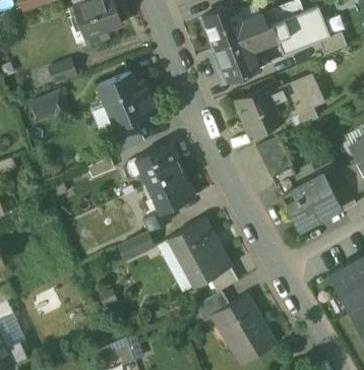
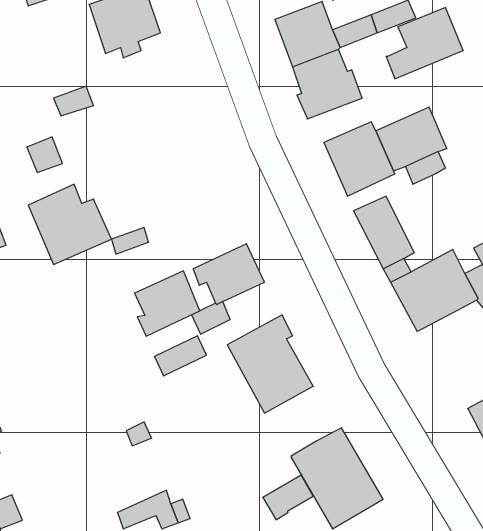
building: [244,25,278,52] -> none
building: [99,73,156,128] -> [28,184,111,264]
building: [136,142,181,187] -> [134,271,200,336]
building: [194,291,229,321] -> [263,475,313,520]

